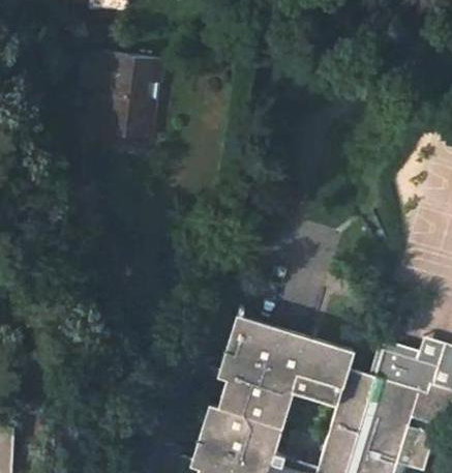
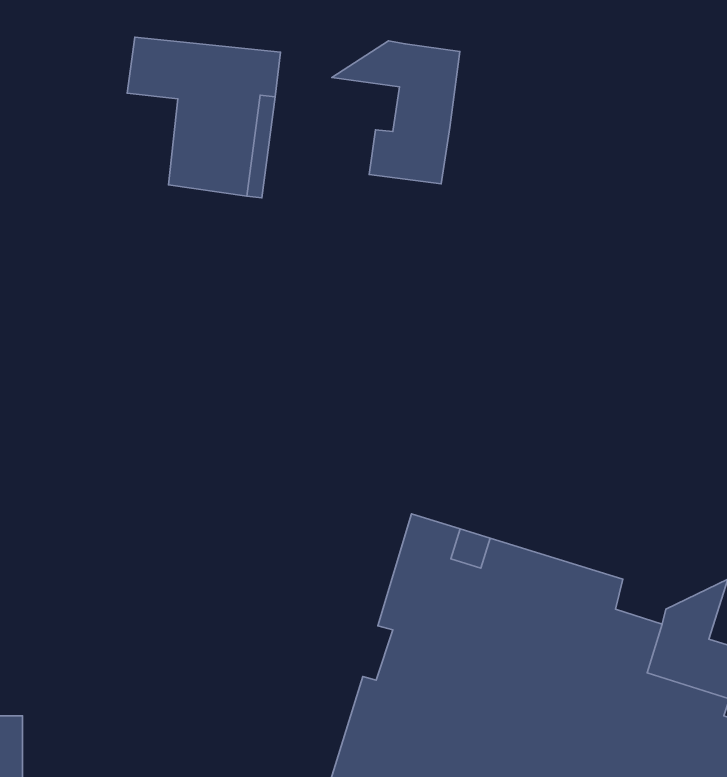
building: none -> [332,41,460,184]

